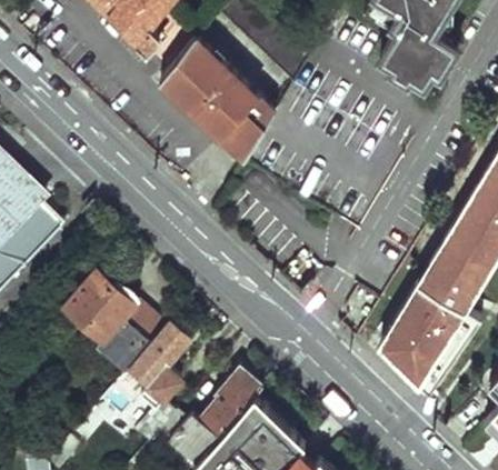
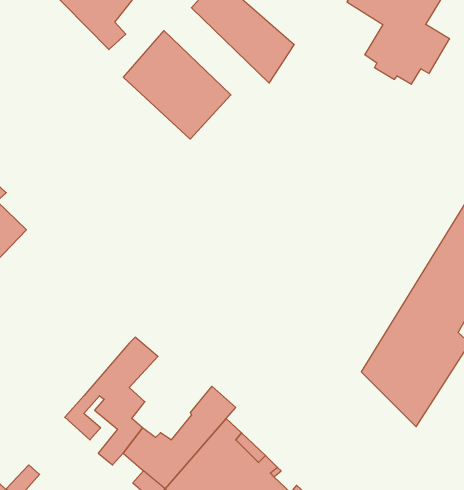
building: [219,97,273,160] -> none
building: [59,276,162,377] -> none

